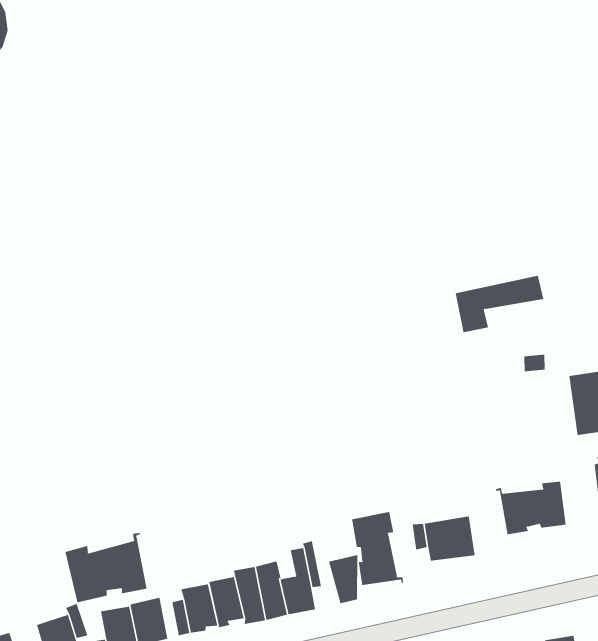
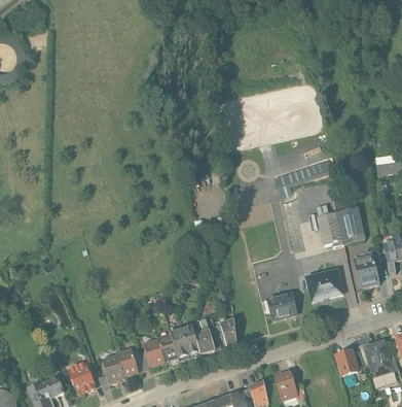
building: none -> [318,213,343,247]
building: [351,511,404,586] -> none
building: [65,532,147,603] -> none

